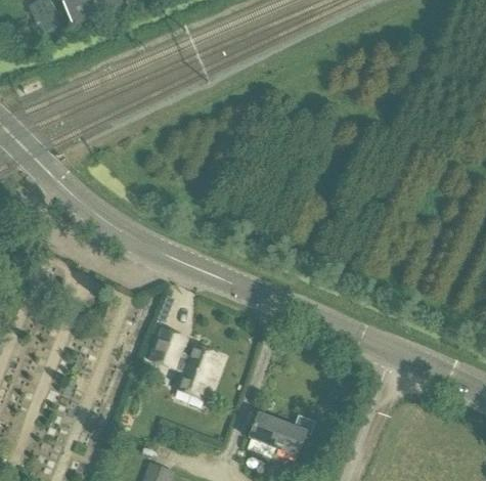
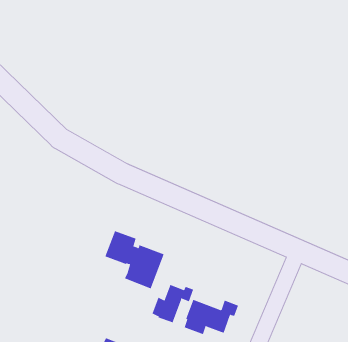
building: none -> [152,284,194,323]

